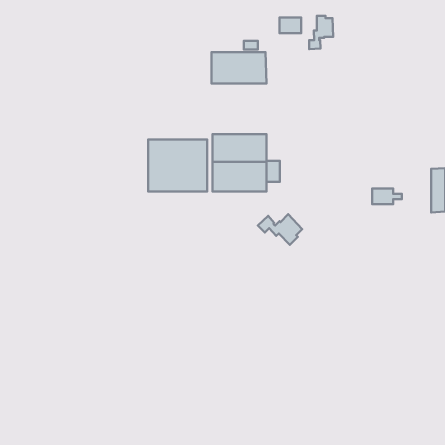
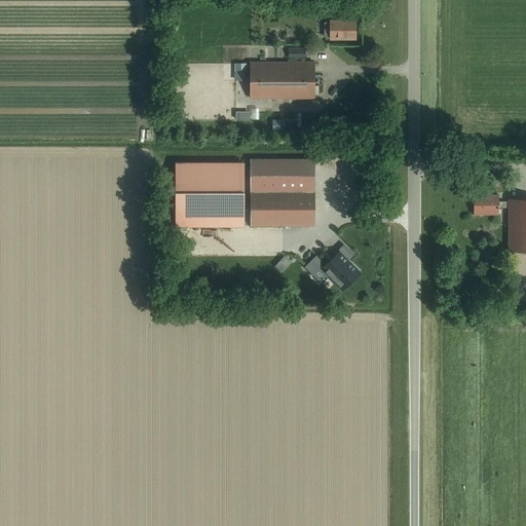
building: [309,16,333,49] -> none
building: [266,161,280,182] -> none
building: [372,189,402,204] -> [474,195,509,214]

